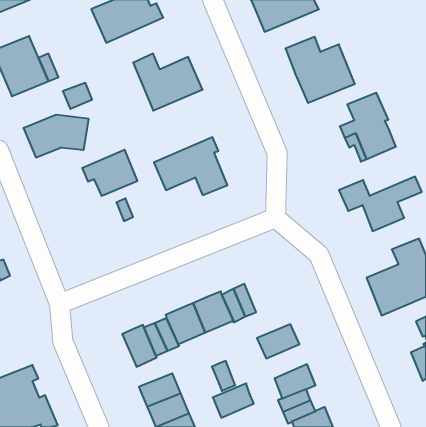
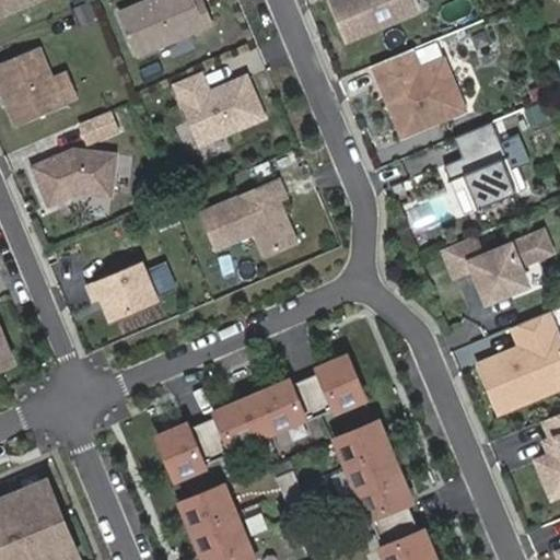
building: [82,150,137,196] -> [85,260,158,320]
building: none -> [318,357,363,411]
building: [213,383,254,418] -> [348,450,401,494]

